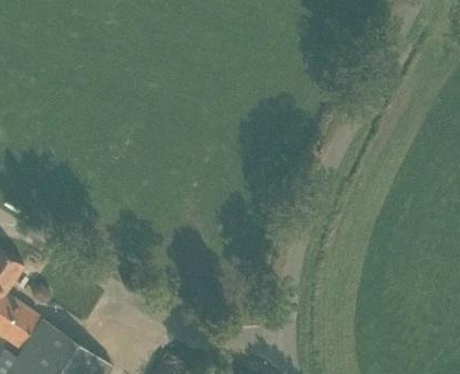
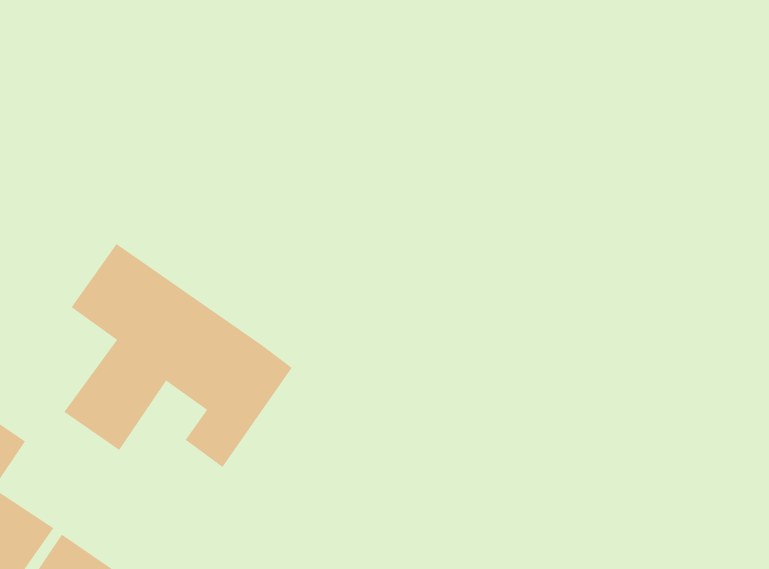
building: none -> [64,243,292,468]

